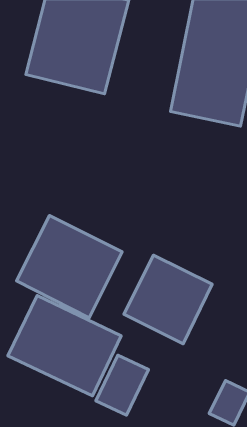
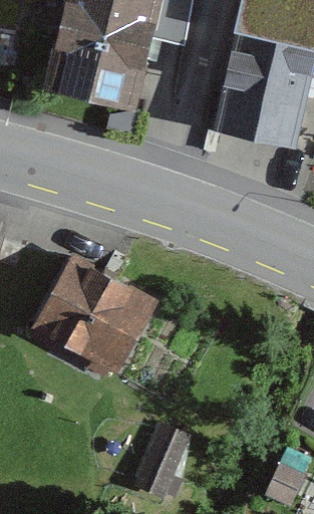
building: [124,255,212,344] -> none
building: [8,295,121,396] -> none

